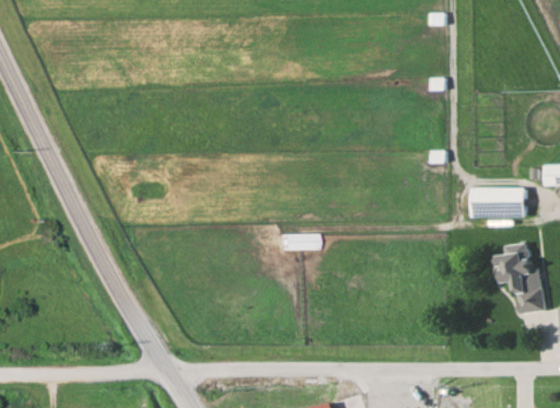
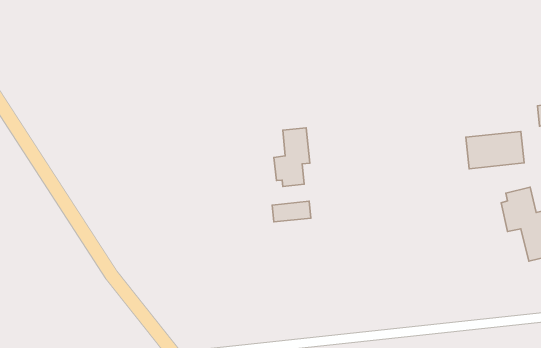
building: none -> [274,128,310,186]

